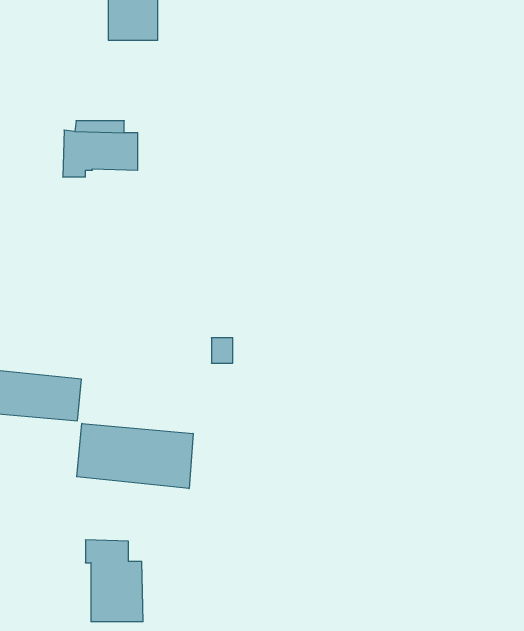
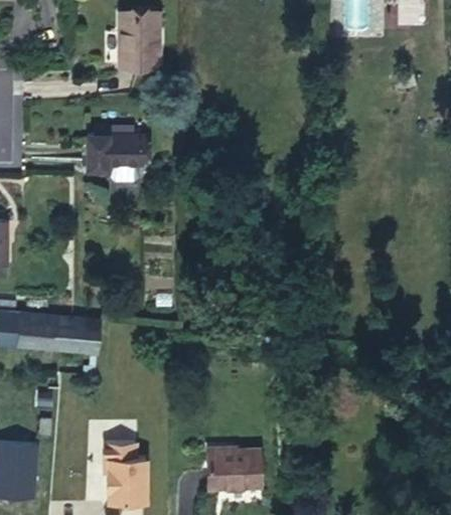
building: [77,423,193,489] -> none
building: none -> [206,448,262,490]

